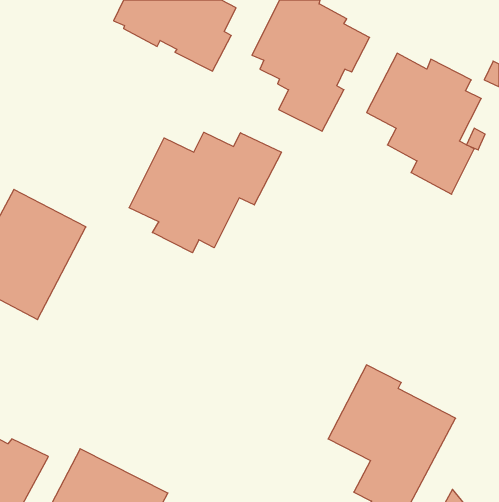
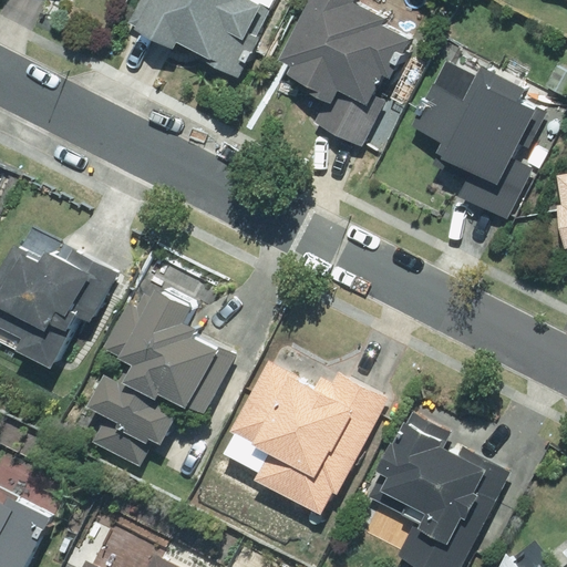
building: [129,132,281,253] -> none
building: none -> [90,286,234,466]
building: none -> [230,361,388,512]

